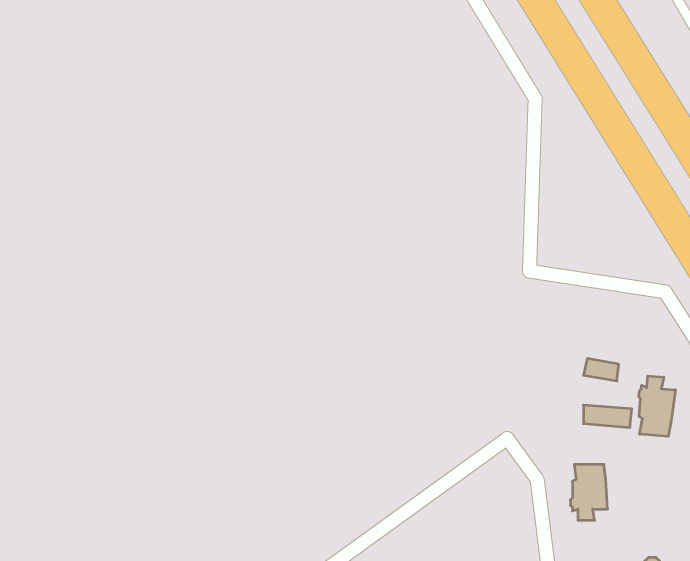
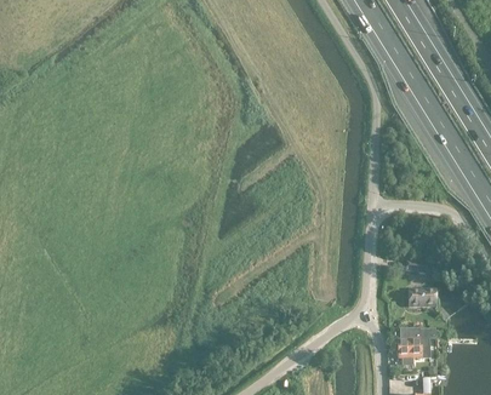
building: [639,376,675,436] -> none

